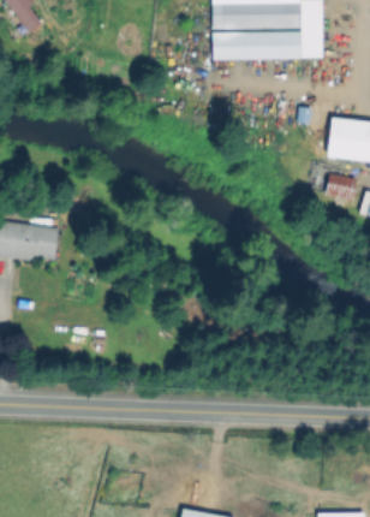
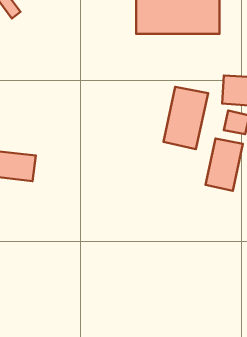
building: none -> [164,87,208,149]
building: none -> [205,138,243,191]

